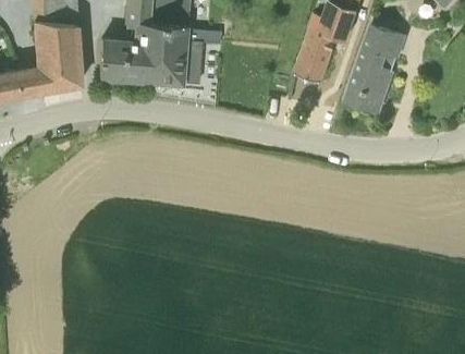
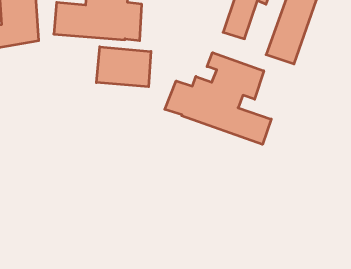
building: none -> [96,47,151,87]
building: none -> [165,53,271,144]

